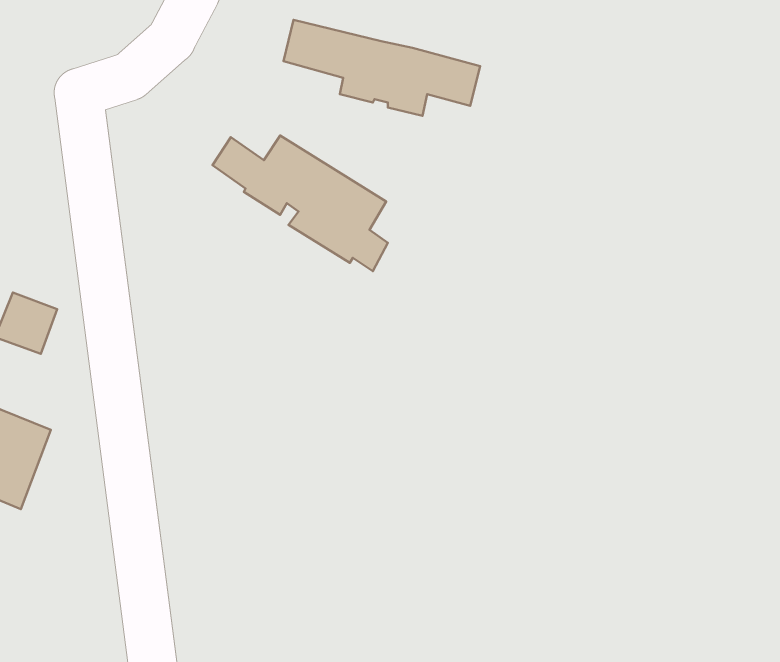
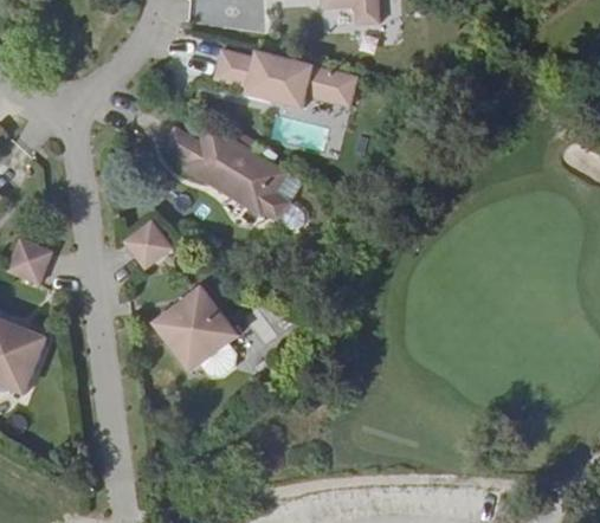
building: none -> [125,221,173,267]
building: none -> [153,286,237,373]

